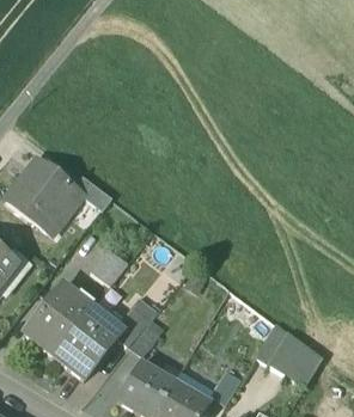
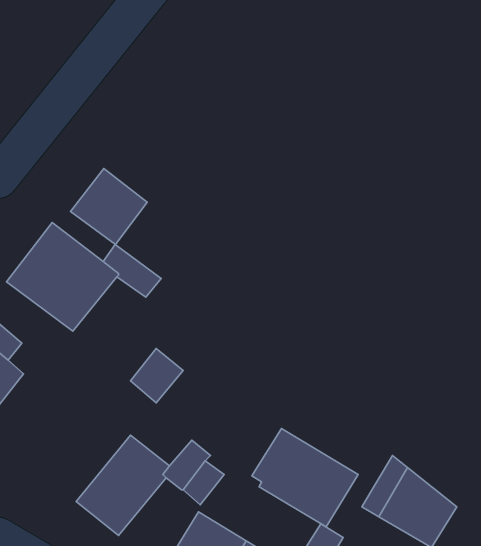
building: none -> [71,168,147,245]
building: [26,282,93,354] -> none
building: none -> [252,429,358,527]

